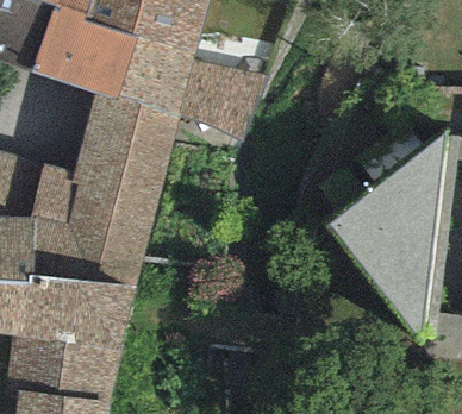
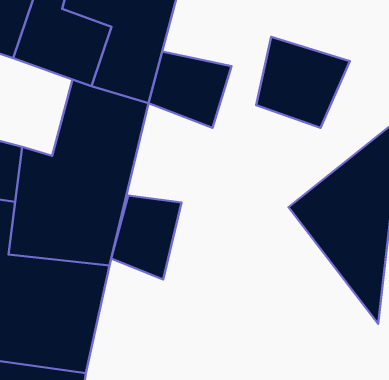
building: none -> [256,37,350,128]
building: none -> [111,195,182,279]

